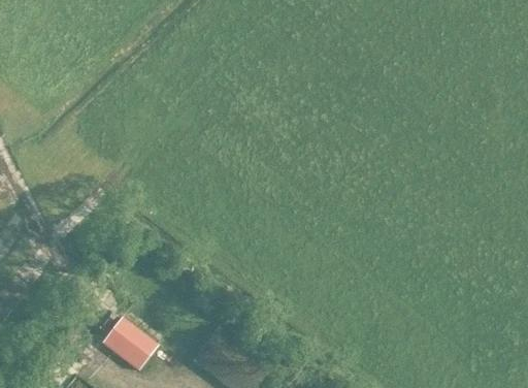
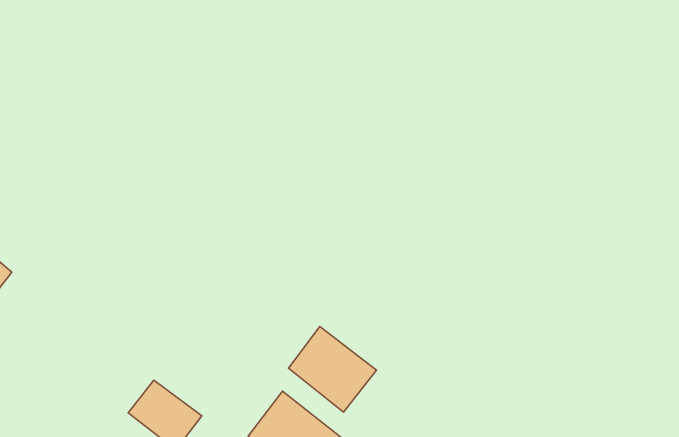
building: none -> [288,326,376,412]

